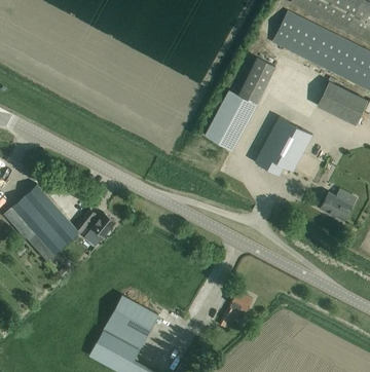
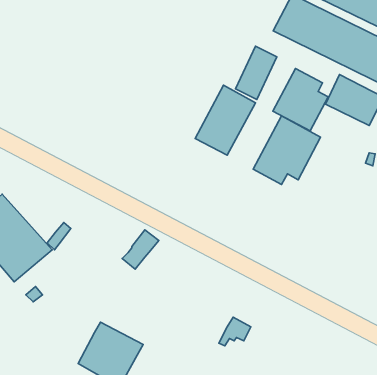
building: none -> [273,69,328,131]
building: [321,192,354,220] -> none
building: [84,213,116,247] -> [122,230,159,269]

